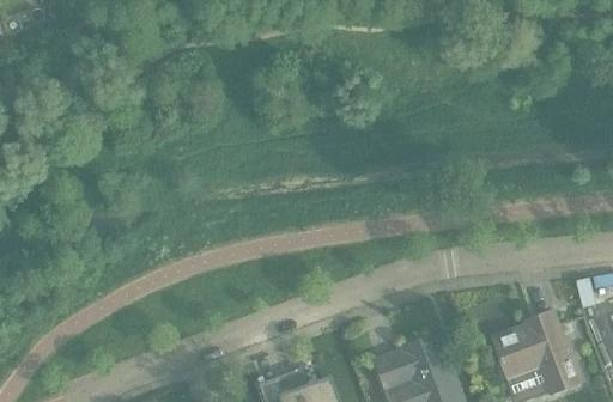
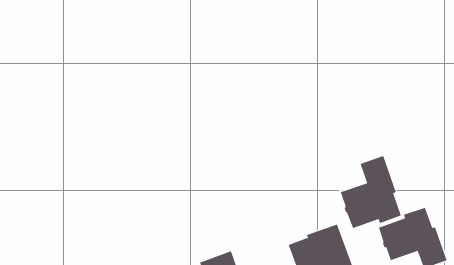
building: none -> [339,155,401,229]

